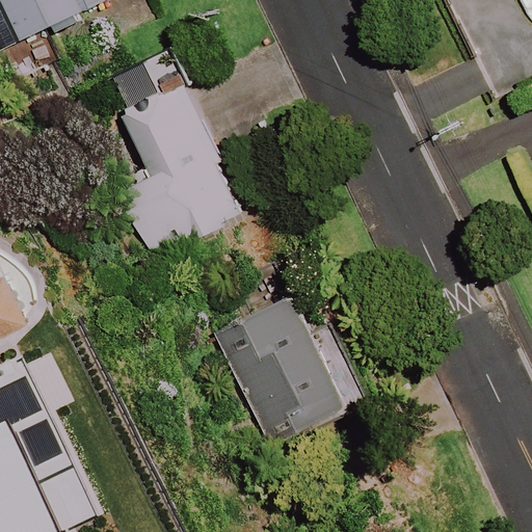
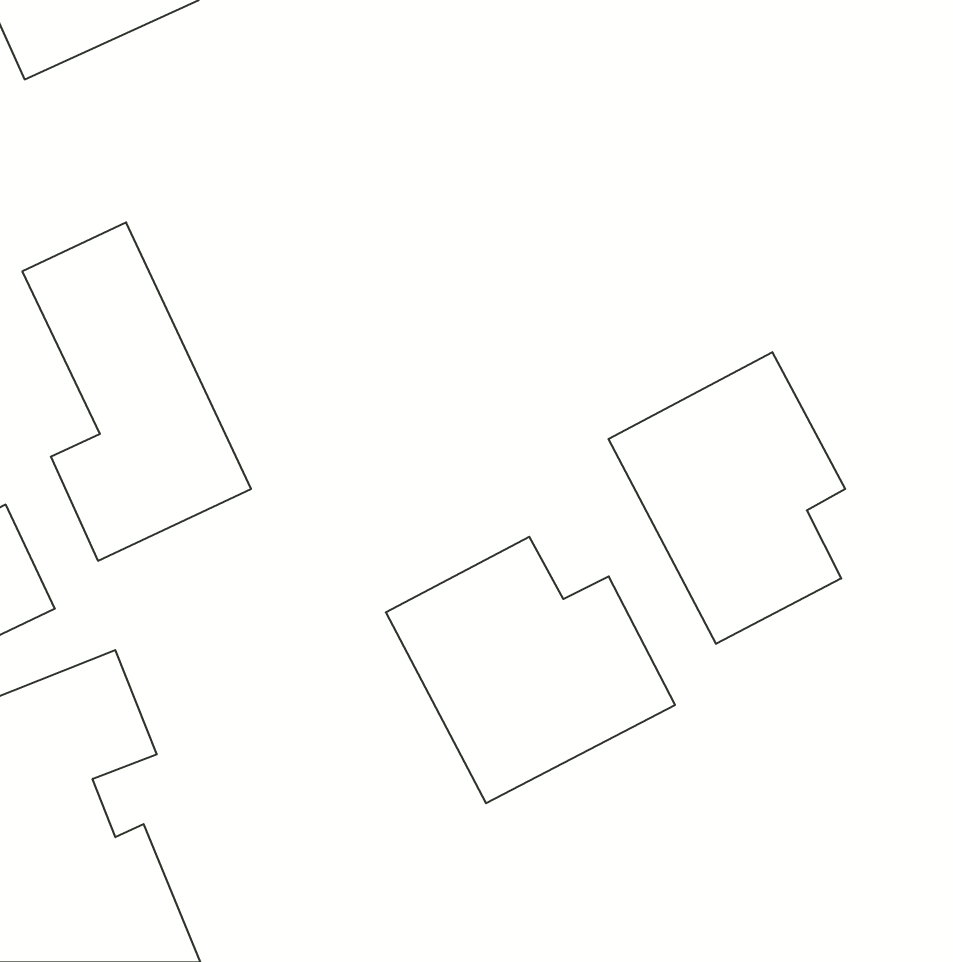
building: [109,64,235,250] -> [22,222,251,561]
building: none -> [608,352,845,644]

